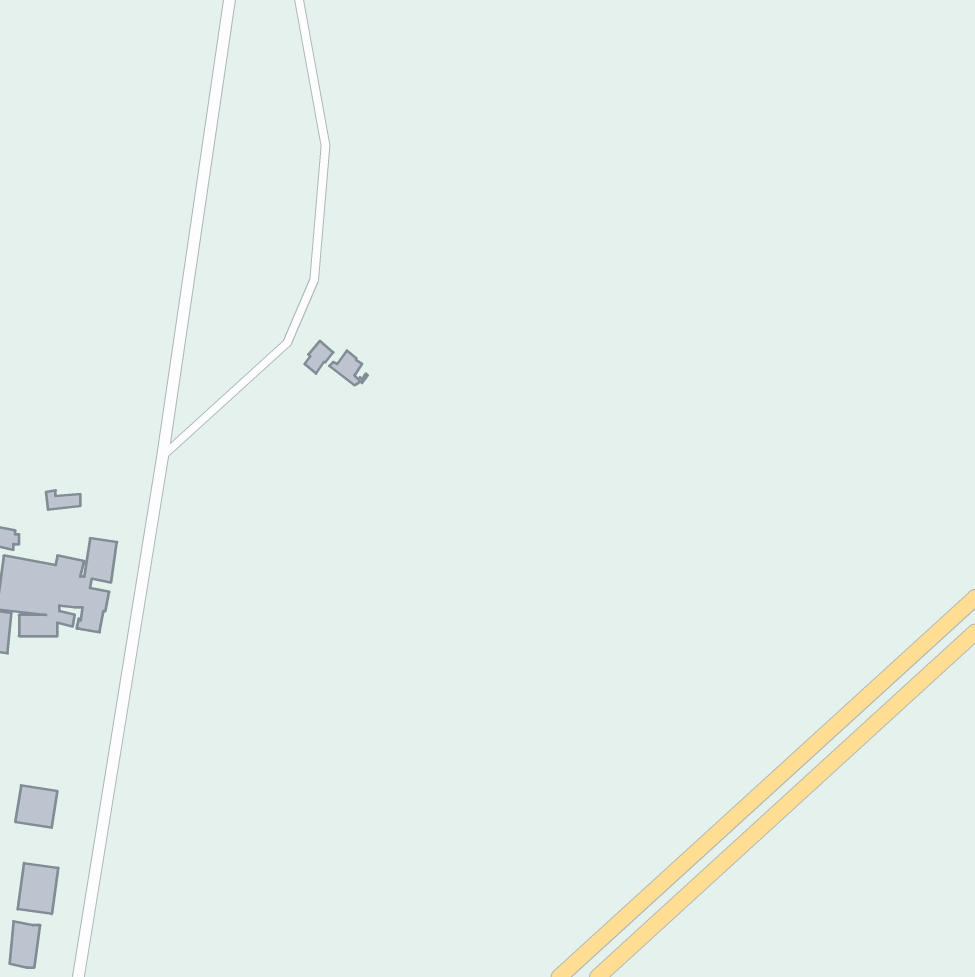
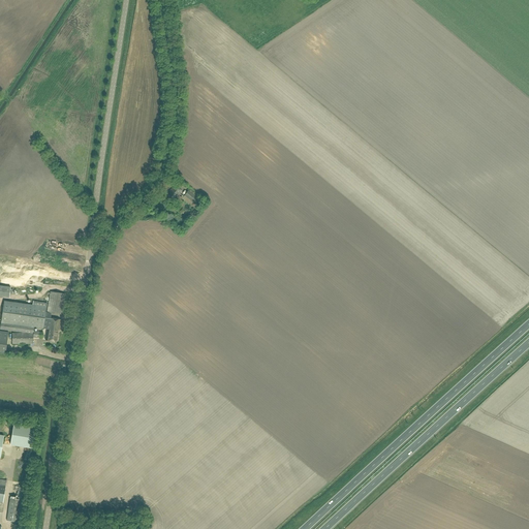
building: [18,863,58,914] -> none

